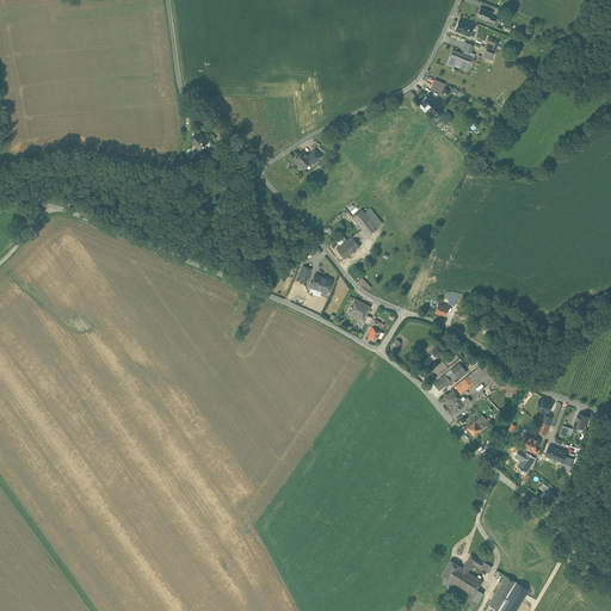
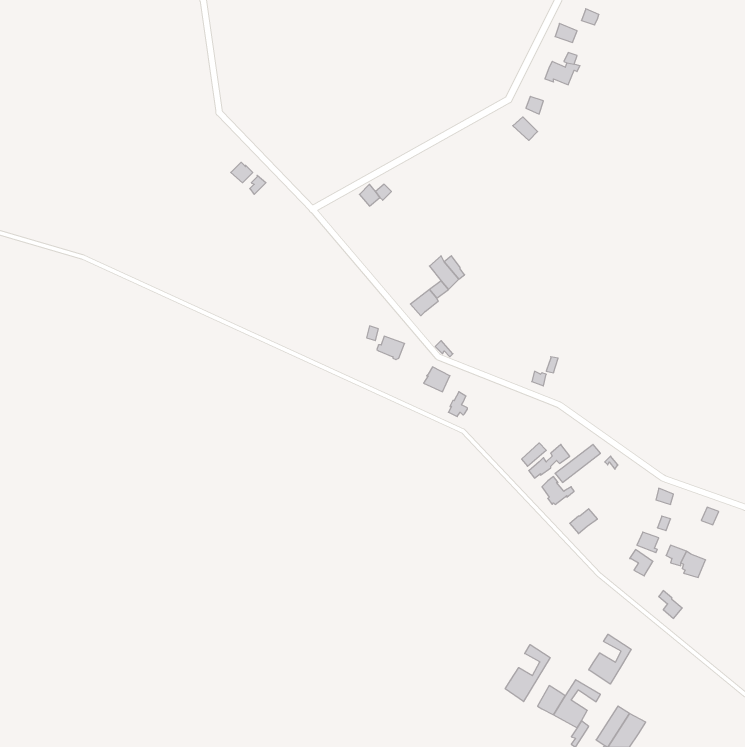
building: none -> [589,634,631,684]
building: none -> [505,645,550,702]

